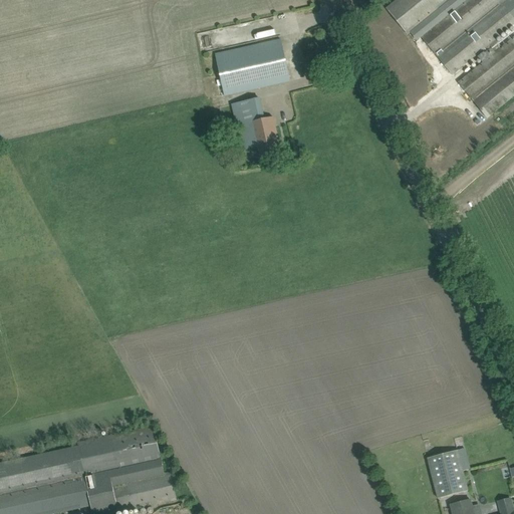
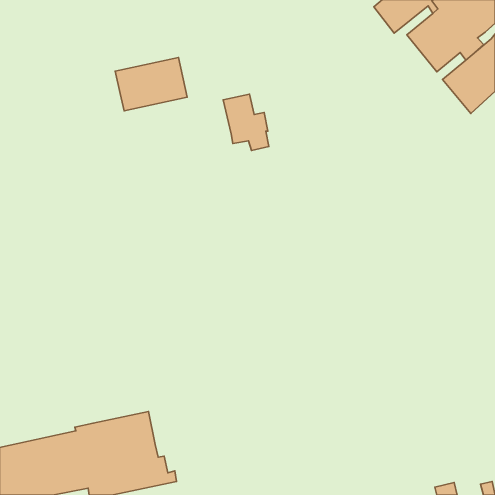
building: [215,39,289,94] -> [115,57,187,111]
building: [427,450,467,498] -> none

